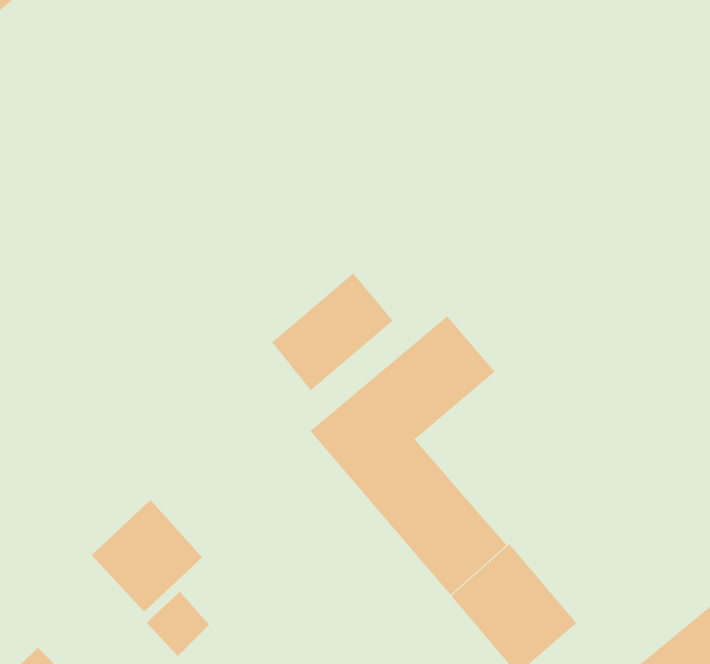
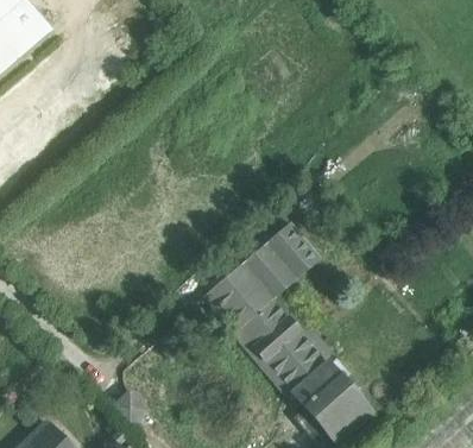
building: [270,272,393,391] -> none
building: [91,499,204,613] -> none

